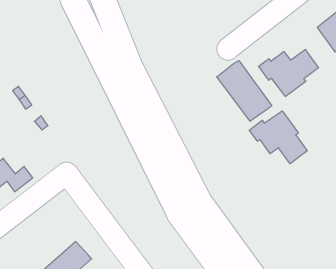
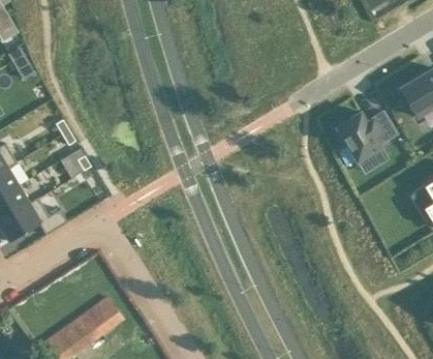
building: [217,61,272,121] -> none
building: [249,111,307,164] -> none

